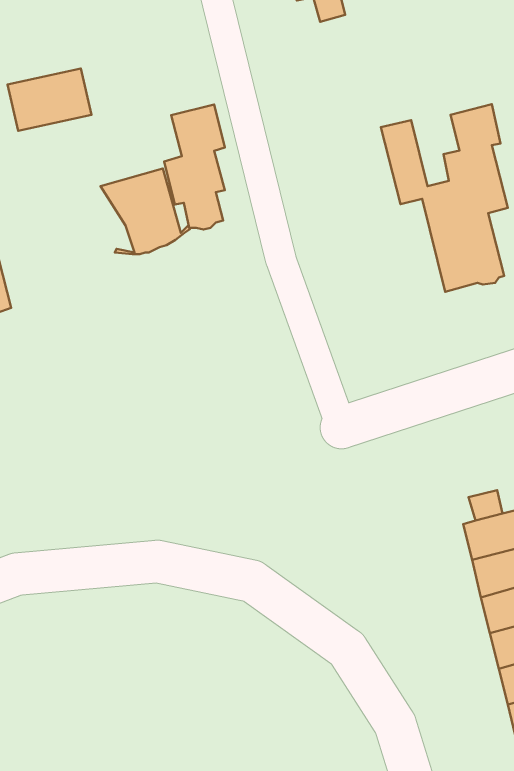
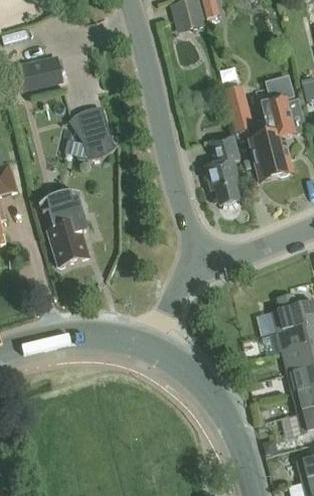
building: [164,104,225,230] -> [206,134,241,204]
building: none -> [39,192,90,266]

